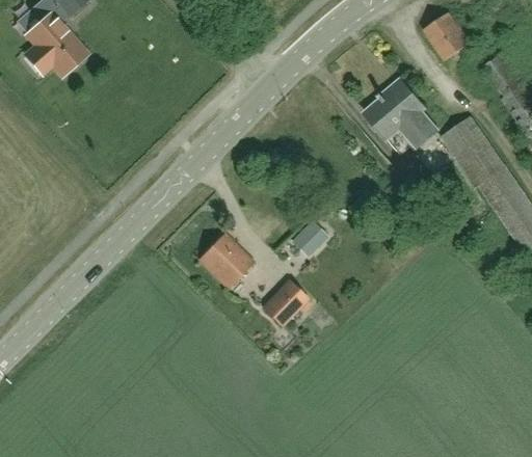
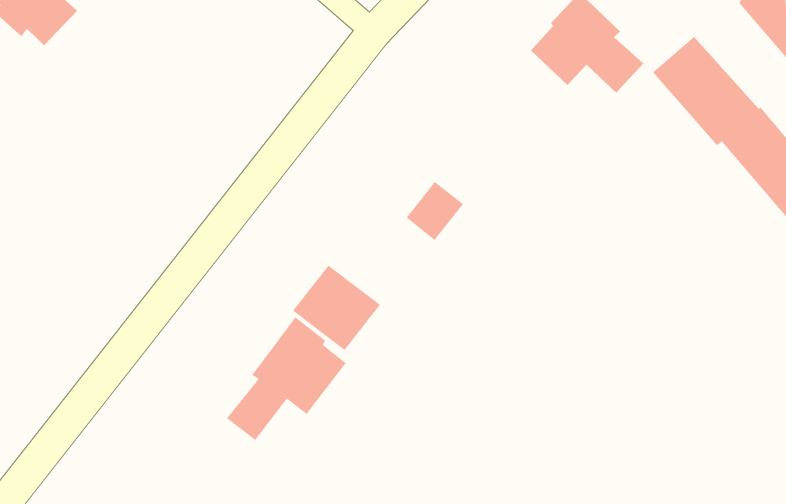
building: [290,219,327,257] -> [406,181,464,241]
building: none -> [226,316,346,441]
building: [263,280,307,325] -> none

